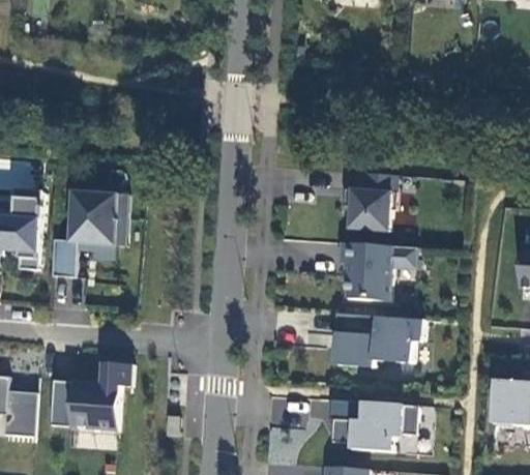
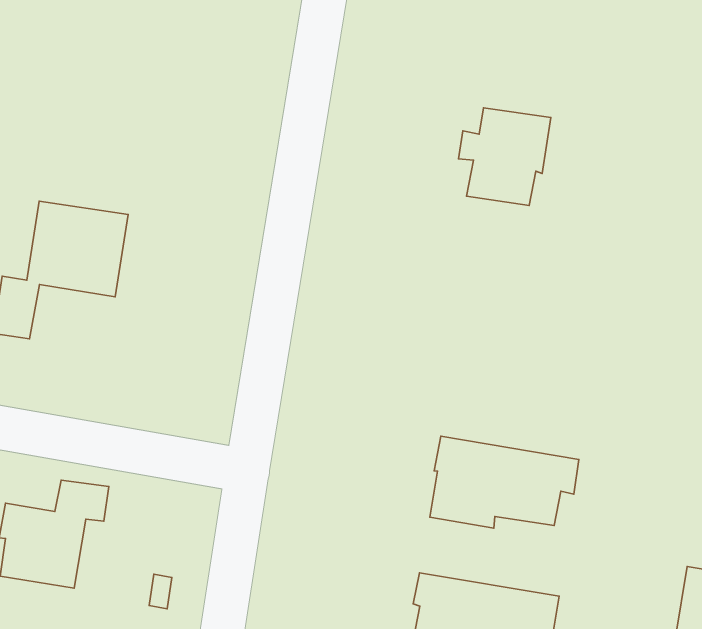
building: [343,173,398,231] -> [458,108,551,206]
building: [340,242,416,301] -> none

